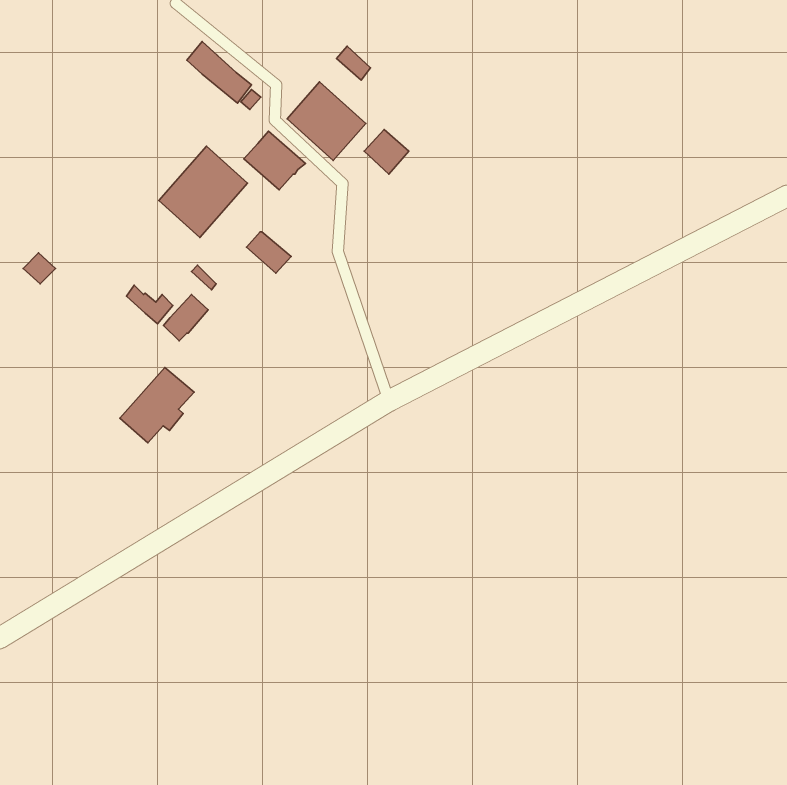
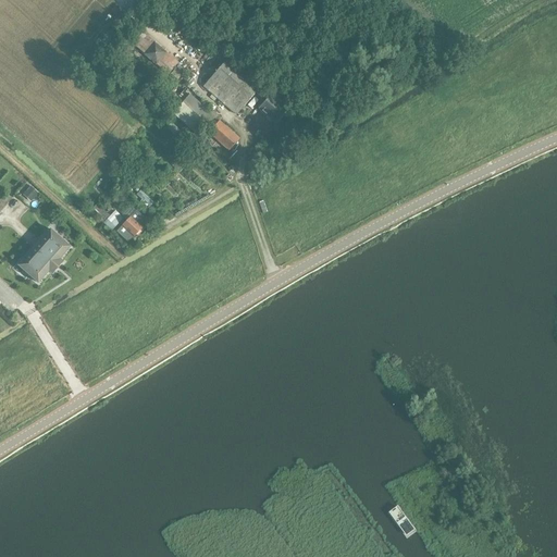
building: [159,146,247,238] -> none
building: [246,232,291,273] -> [208,120,239,149]
building: [120,367,194,443] -> [17,227,70,281]

